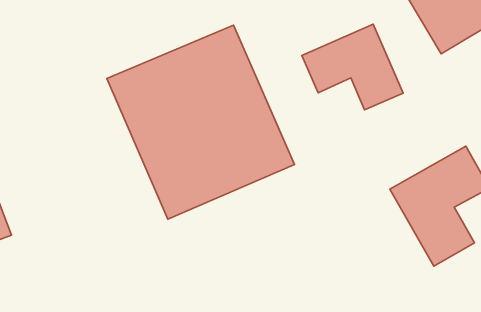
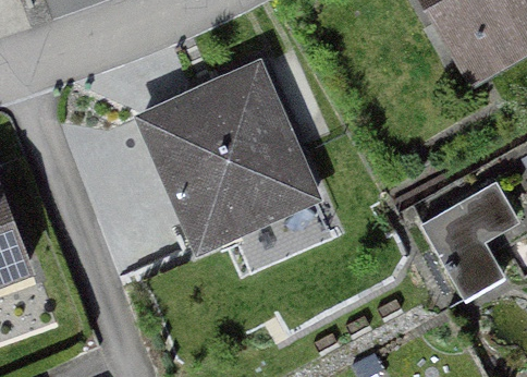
building: [302,24,403,110] -> none

